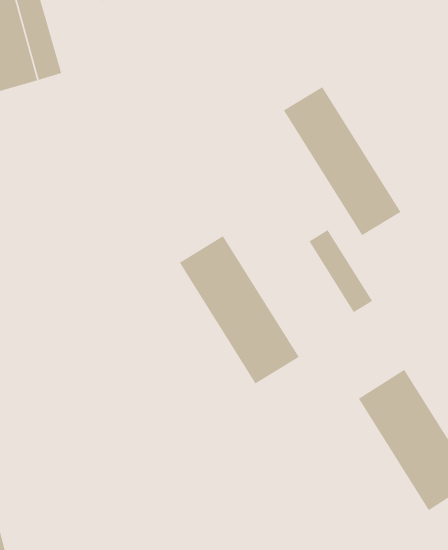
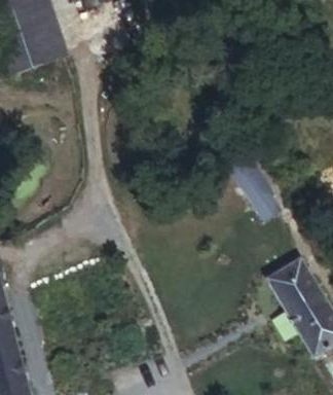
building: [283,86,401,236] -> none
building: [179,235,300,384] -> none

